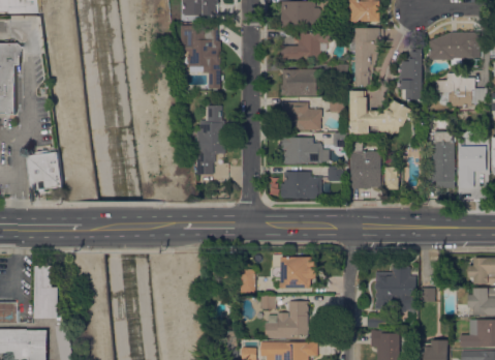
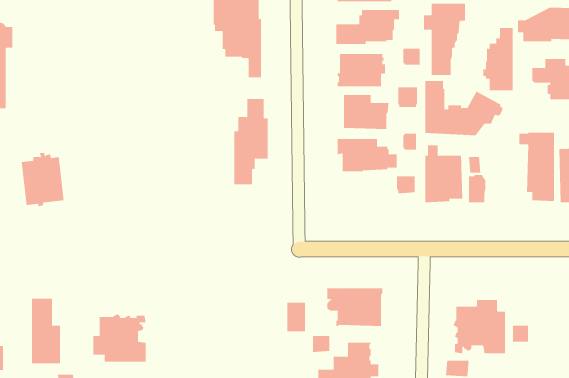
building: [280,172,321,199] -> none
building: none -> [93,314,146,363]

